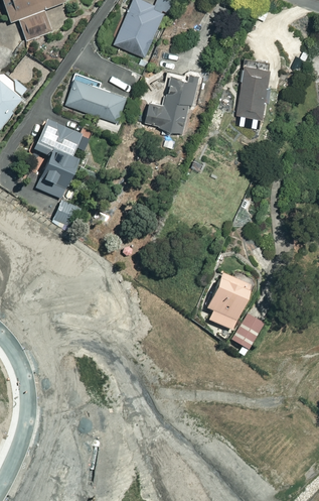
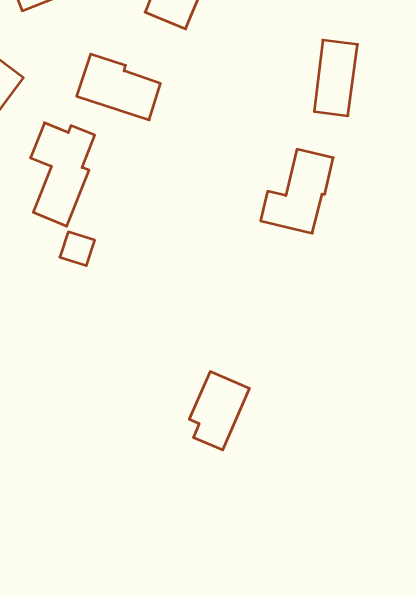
building: [145,71,197,131] -> [261,149,333,233]
building: [206,272,250,329] -> [189,372,249,450]
building: [231,316,262,355] -> none

